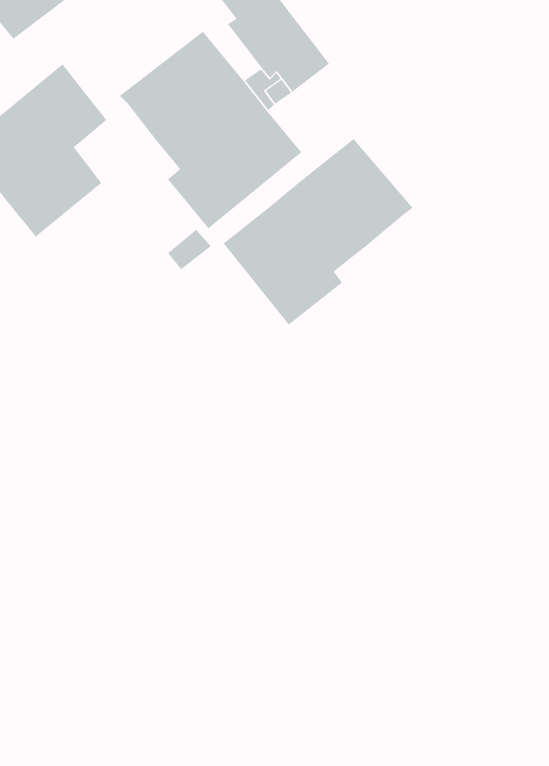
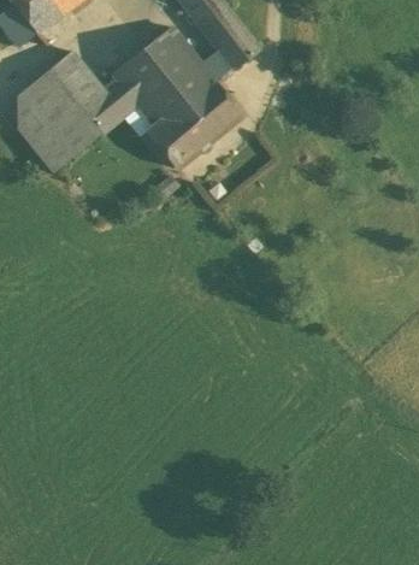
building: none -> [79,77,136,134]
building: [223,138,414,326] -> none

